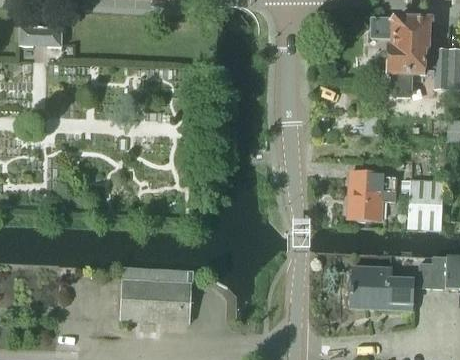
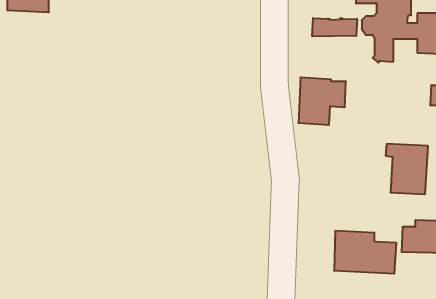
building: none -> [312,18,357,36]
building: [349,172,397,220] -> [298,77,346,125]
building: [120,268,193,323] -> none

